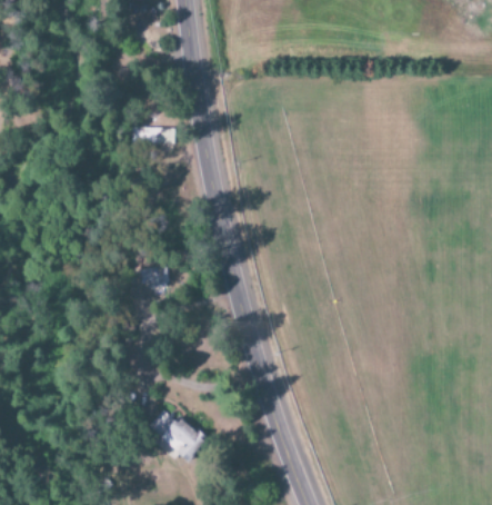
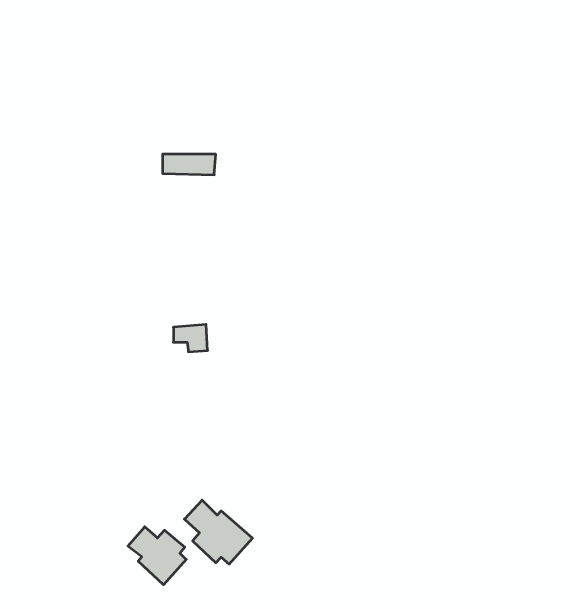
building: none -> [128,527,186,585]

